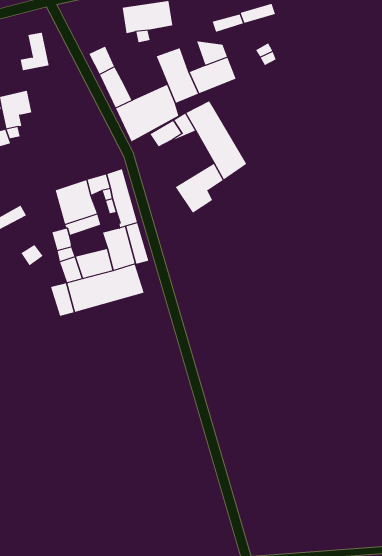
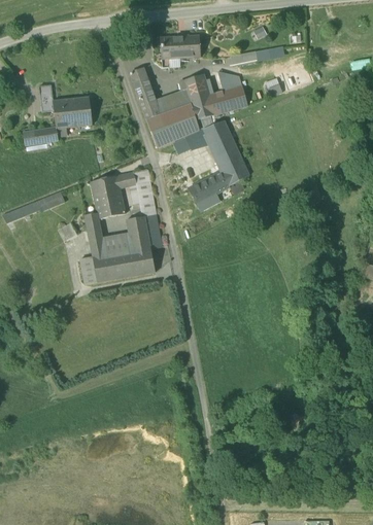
building: [20,32,49,71] -> [68,96,92,126]
building: none -> [156,89,191,113]

